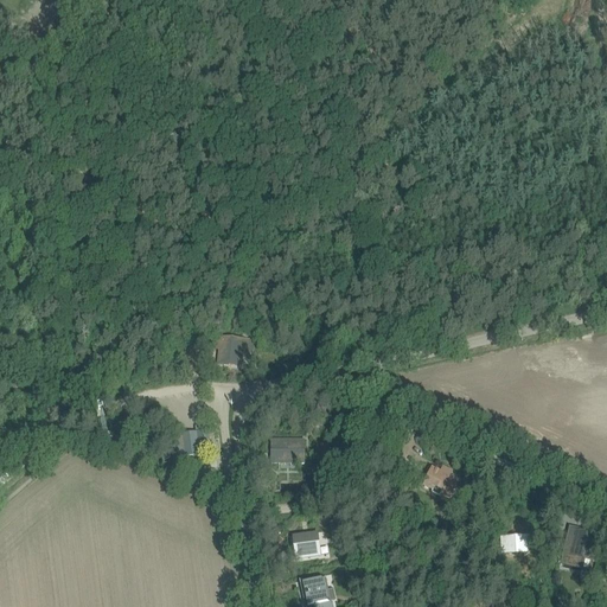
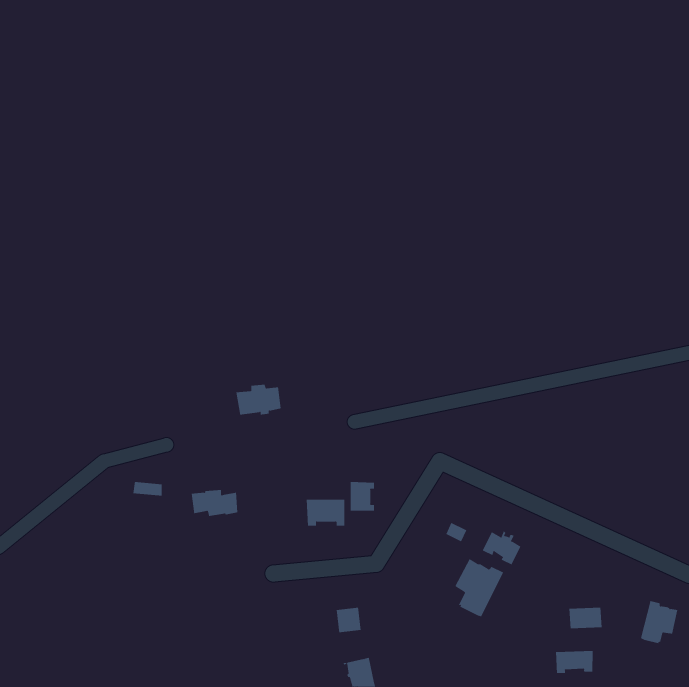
building: none -> [350,481,374,511]
building: none -> [454,558,504,617]
building: none -> [555,650,593,674]

